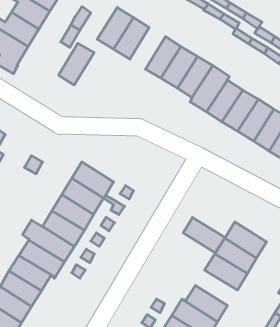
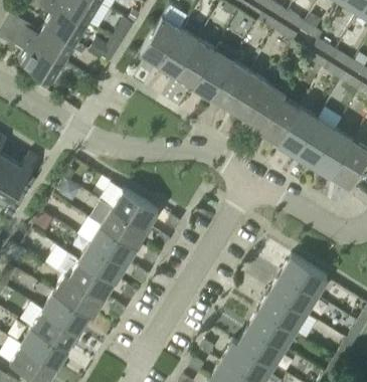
building: [59,43,94,85] -> [176,40,215,86]
building: [183,217,225,253] -> [248,309,295,348]

